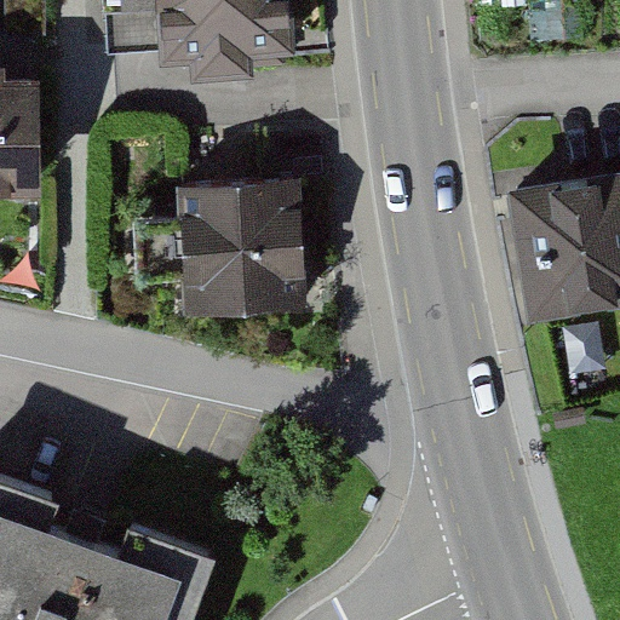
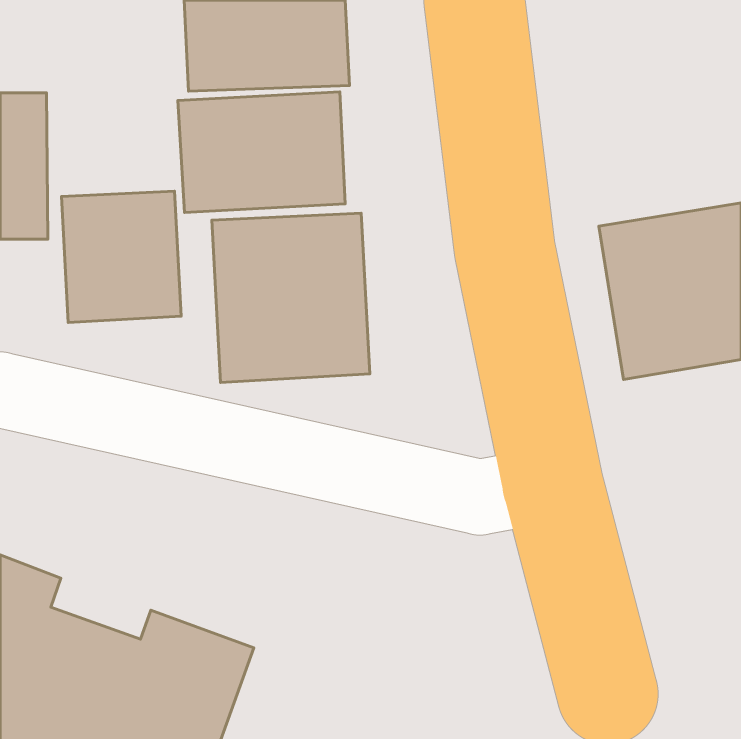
building: none -> [178,92,345,212]
building: none -> [61,191,181,323]

